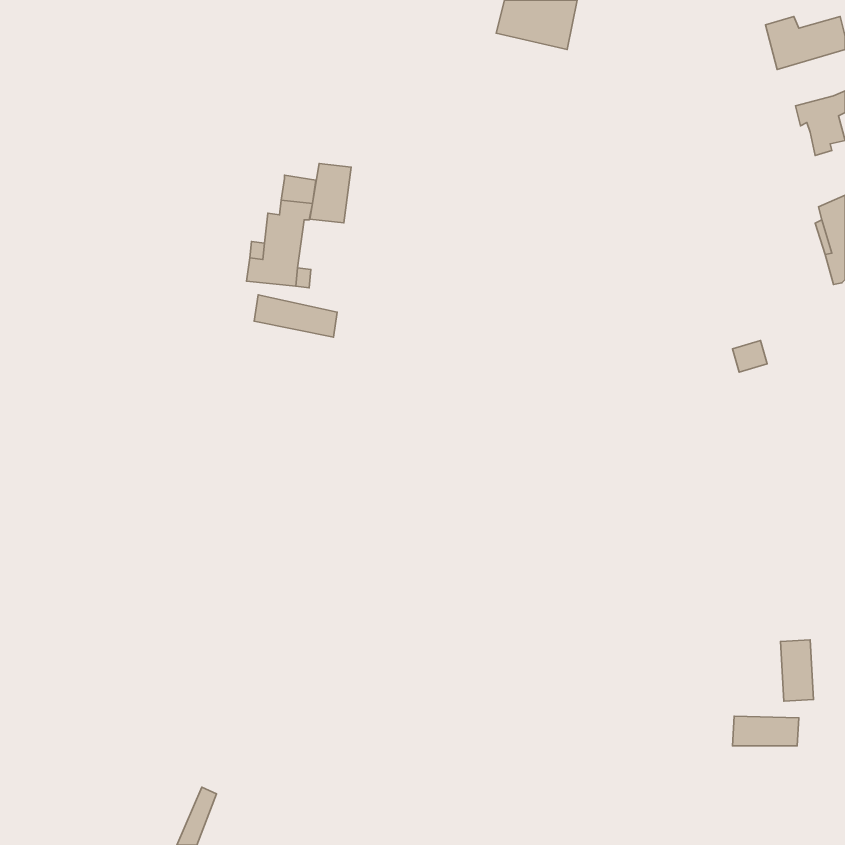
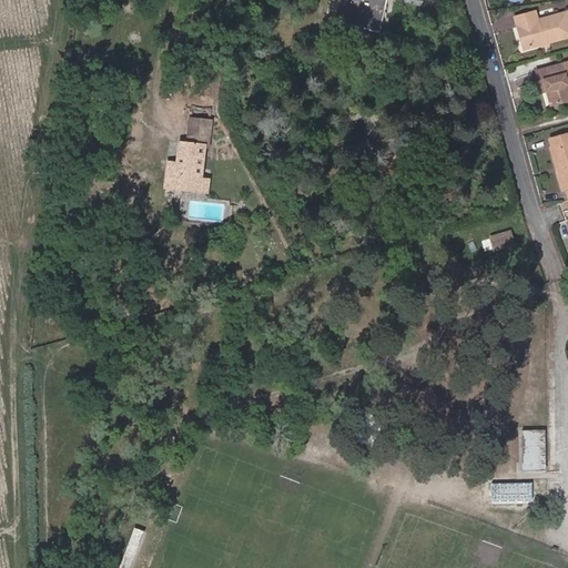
building: [310,164,351,223] -> none
building: [254,295,337,337] -> none

